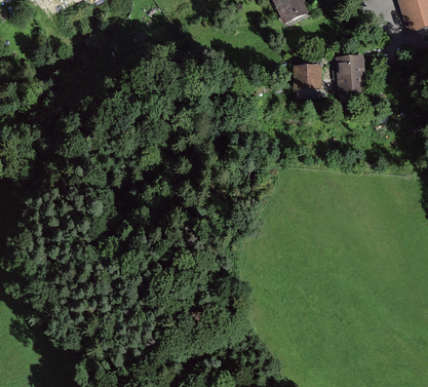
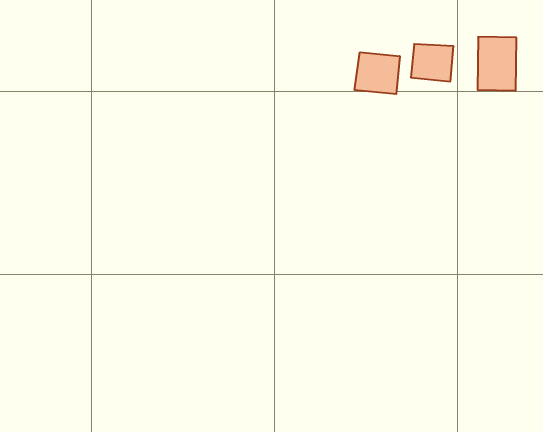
building: none -> [355,52,400,94]

